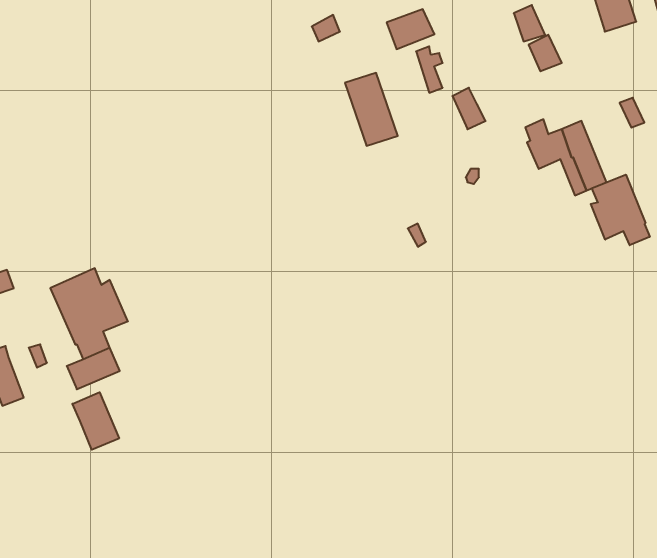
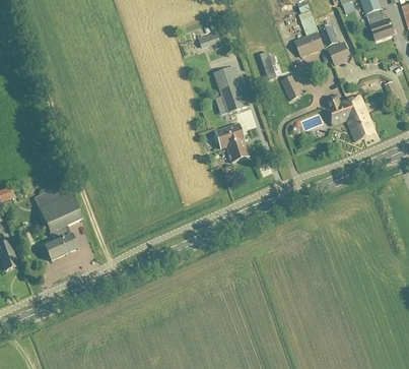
building: [387,9,435,49] -> [294,32,324,56]
building: none -> [213,122,248,161]
building: [591,175,650,245] -> none
building: [72,392,119,450] -> none

